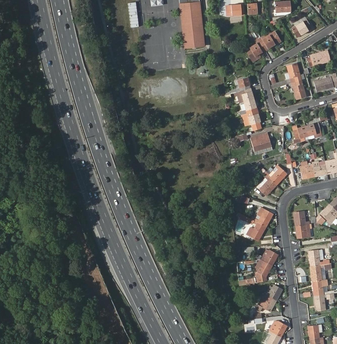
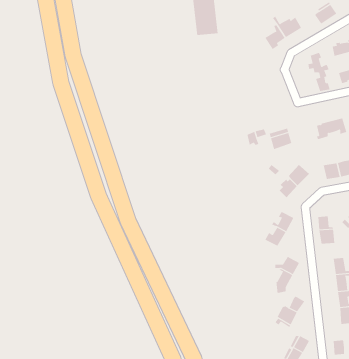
building: [225,77,261,131] -> none

